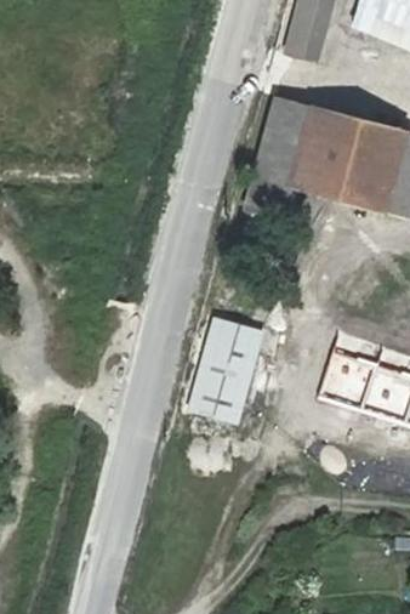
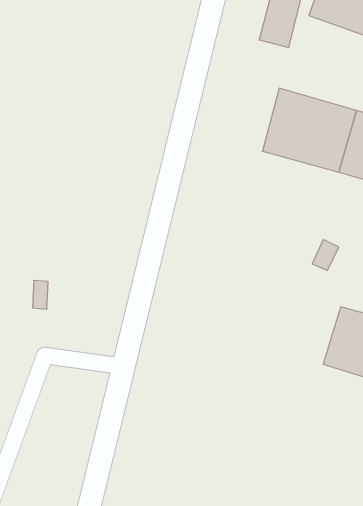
building: [258,97,308,175] -> none
building: [190,320,261,421] -> none
building: [329,360,369,409] -> none

